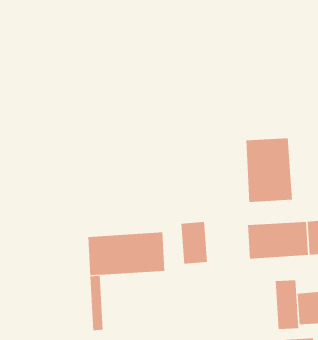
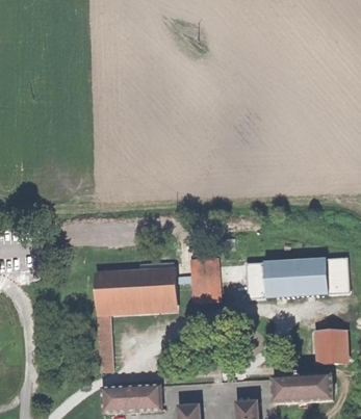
building: [246,138,292,203] -> none
building: none -> [242,261,262,297]
building: [275,280,299,330] -> none

